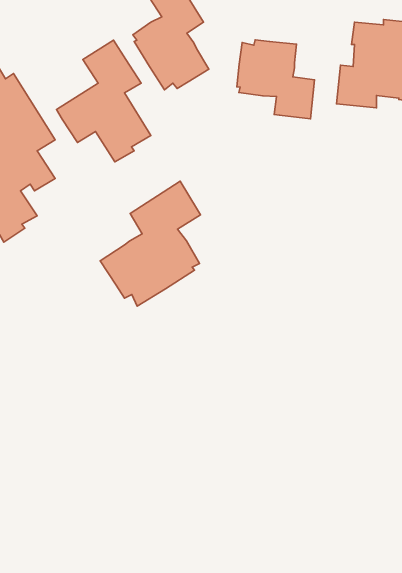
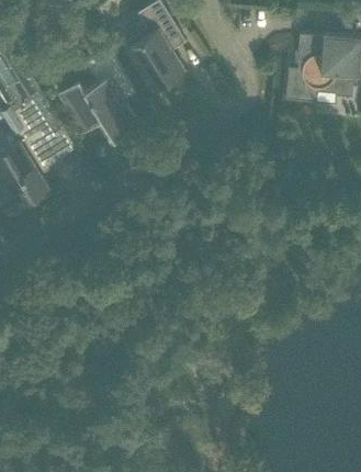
building: [237,40,315,119] -> none
building: [100,181,201,306] -> none

